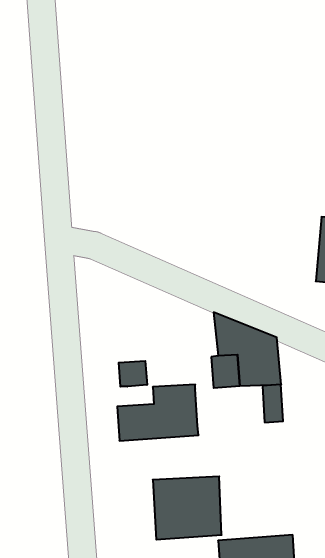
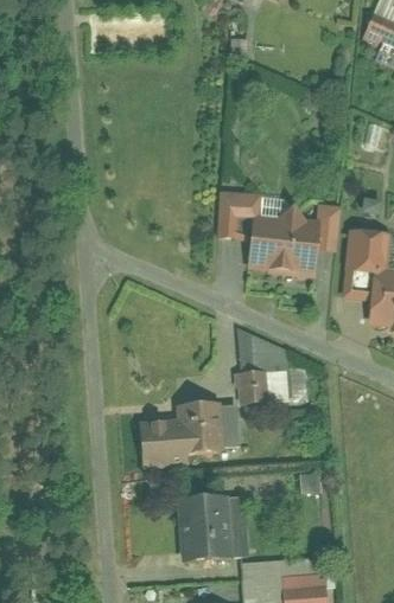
building: none -> [217,192,338,276]
building: [119,361,147,387] -> none
building: [262,385,283,422] -> [220,405,241,444]

